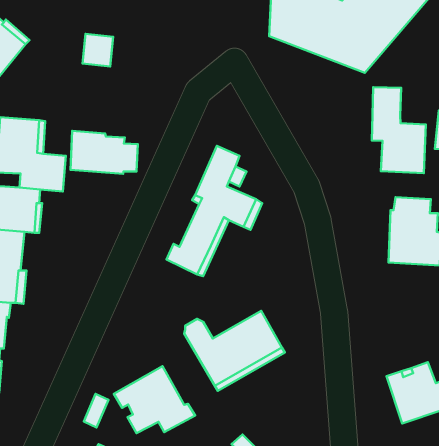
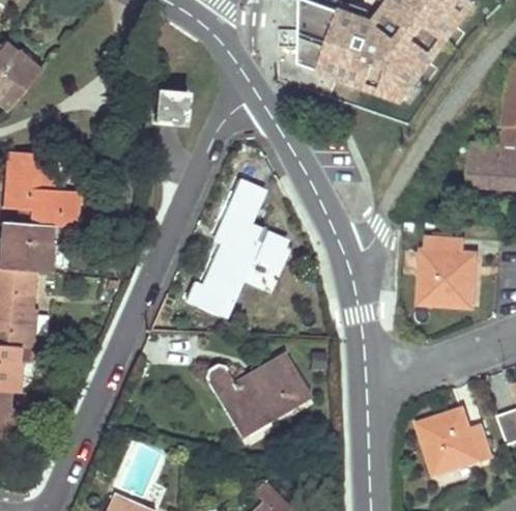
building: [83,34,113,67] -> [154,89,187,123]
building: [372,87,426,173] -> none
building: [70,131,138,174] -> none
building: [114,366,195,433] -> none

